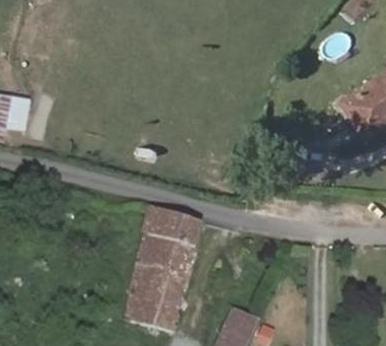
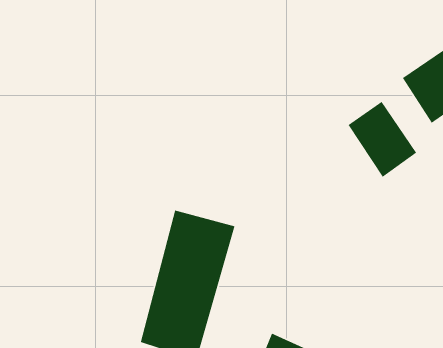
building: none -> [347,101,417,178]

